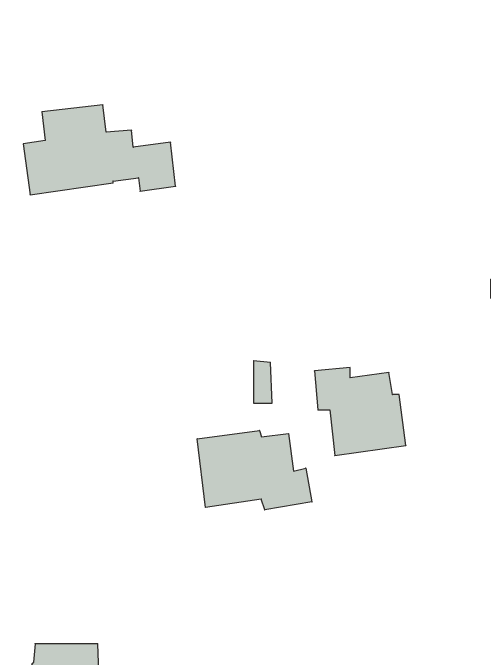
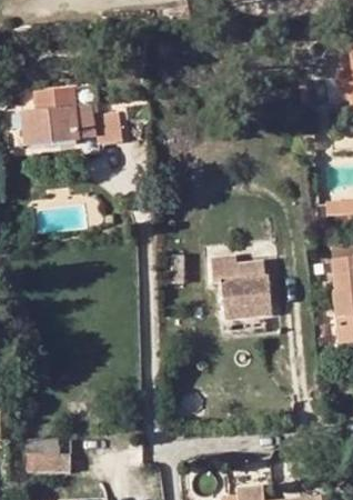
building: [197,430,312,510] -> none

